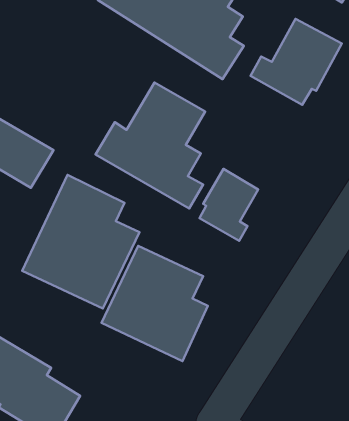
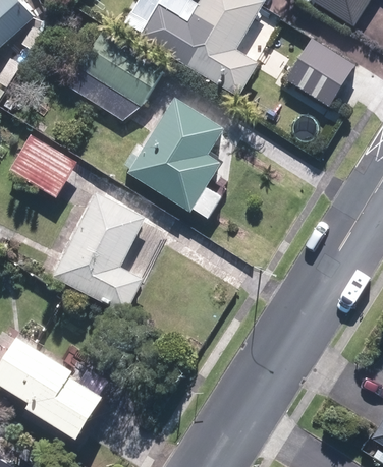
building: none -> [66,30,163,124]
building: [200,169,258,241] -> none
building: [102,246,208,361] -> none

